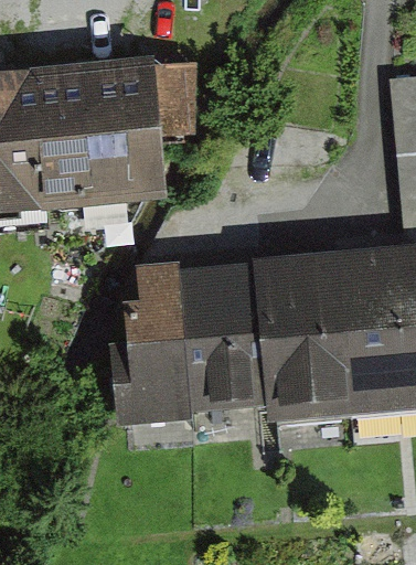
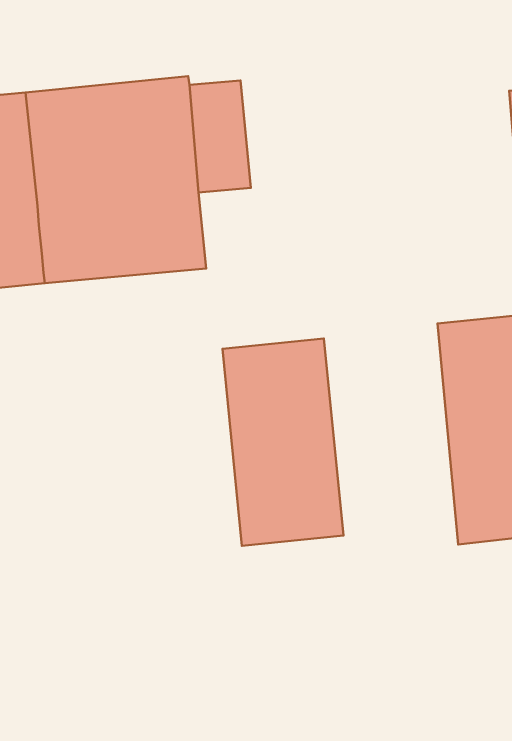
building: [255,246,354,417] -> none
building: [111,256,194,420] -> none

